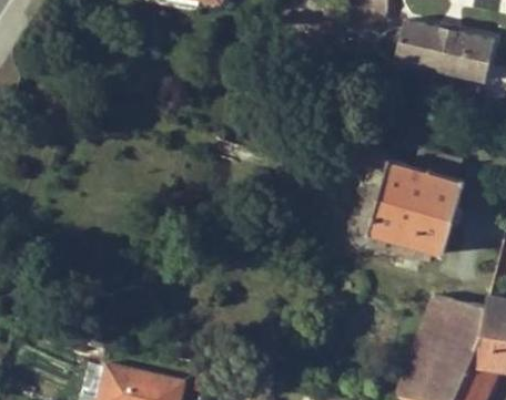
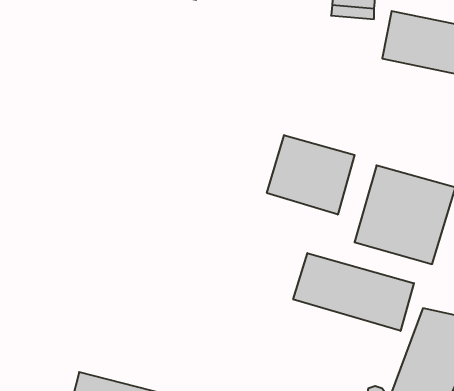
building: none -> [267,135,355,215]
building: none -> [293,253,414,331]

